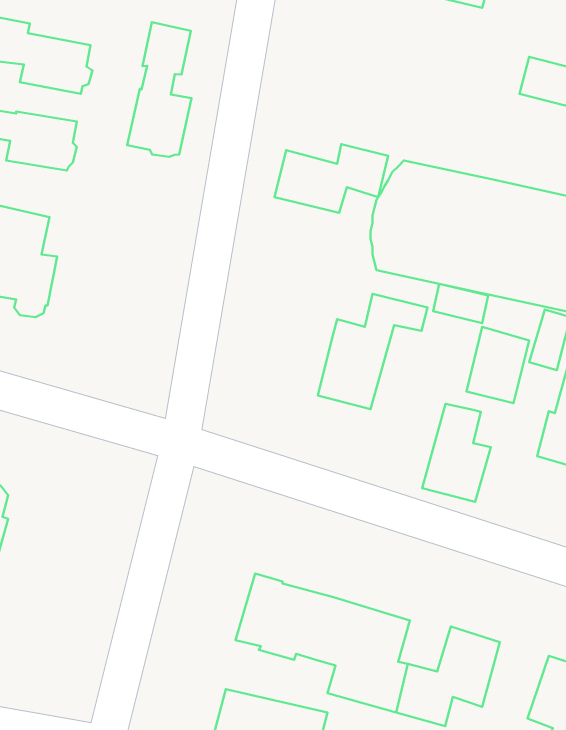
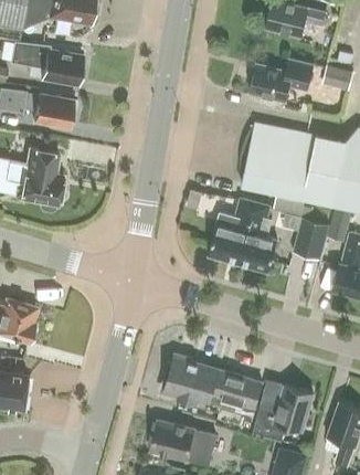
building: [127,22,192,157] -> none
building: [274,144,388,213] -> [251,62,315,101]
building: [422,404,491,502] -> [240,215,278,271]

